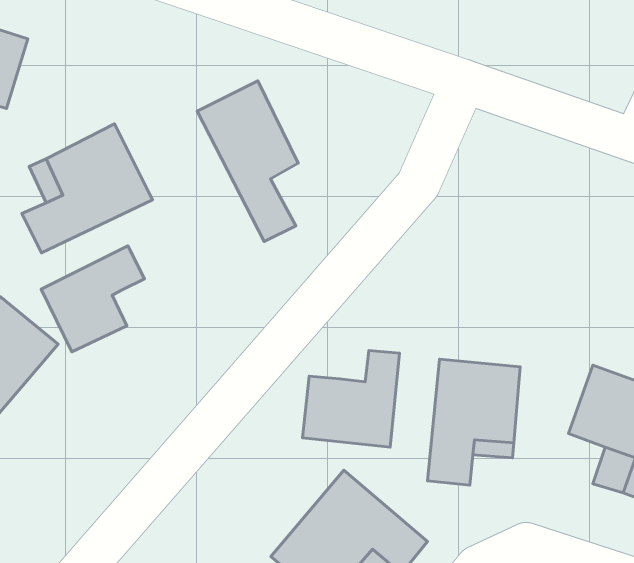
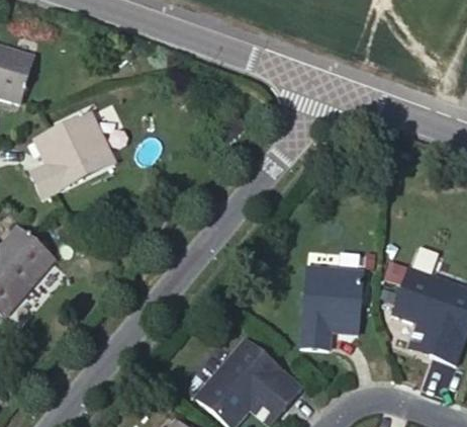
building: [197,81,298,242] -> none
building: [41,246,145,352] -> none
building: [302,350,399,447] -> none

